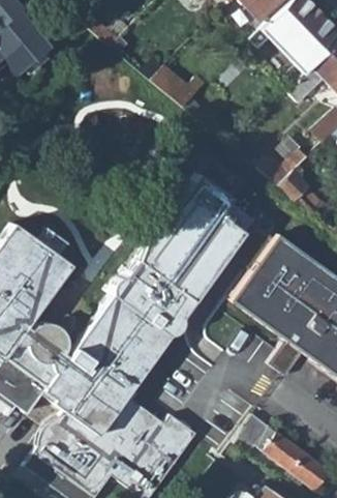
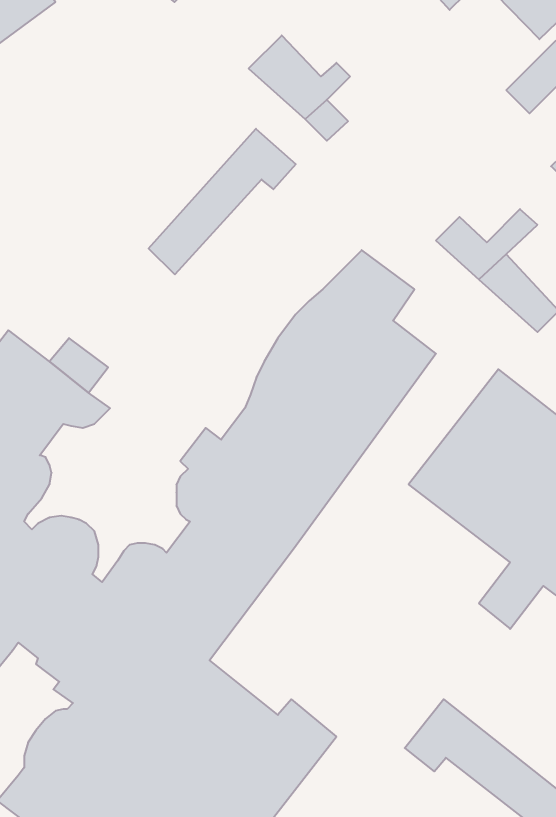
building: none -> [149,129,296,274]

